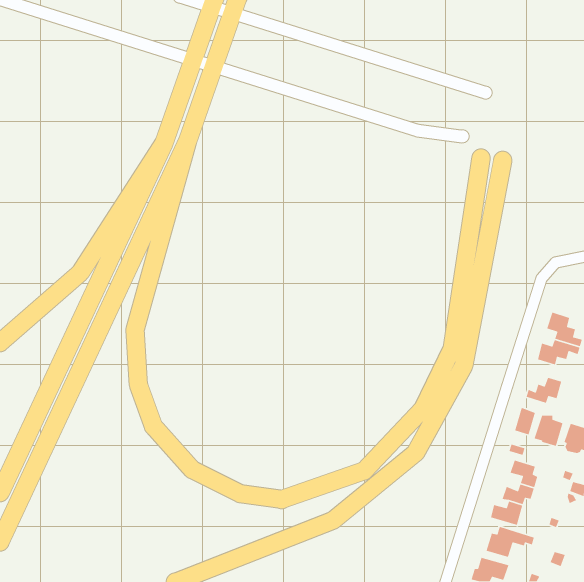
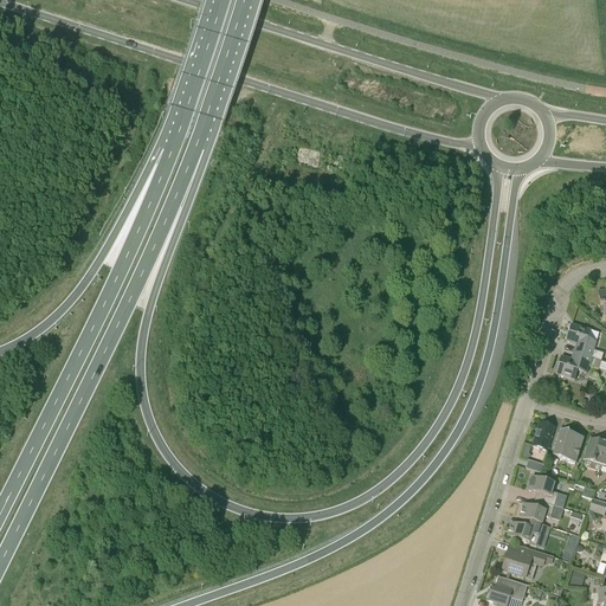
building: [525,377,562,404] -> none

